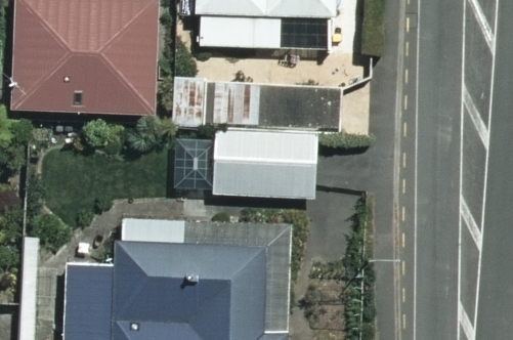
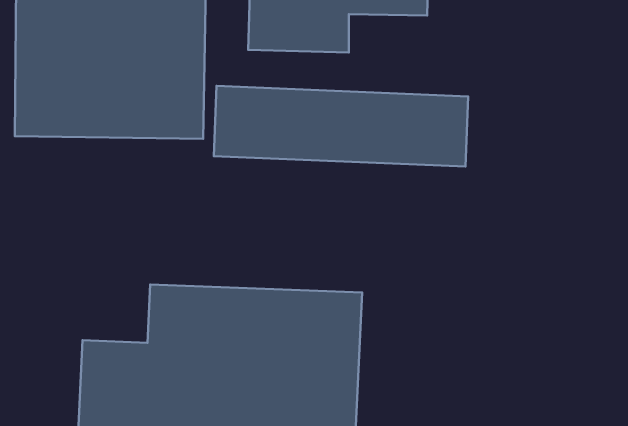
building: [212,132,316,203] -> none

